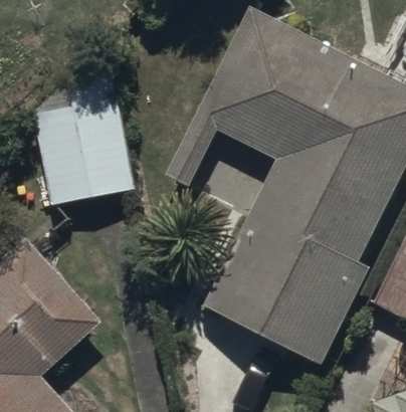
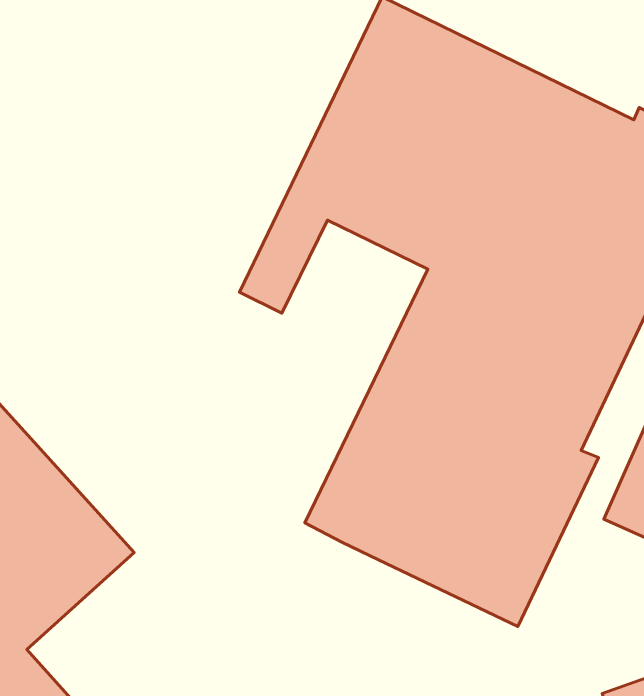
building: [33,83,135,206] -> none

